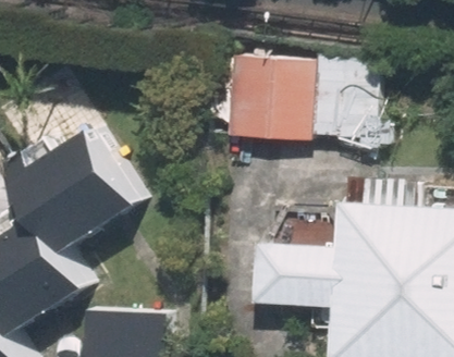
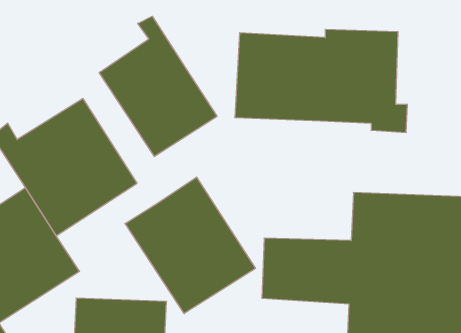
building: none -> [99,16,217,157]
building: none -> [125,177,255,314]

